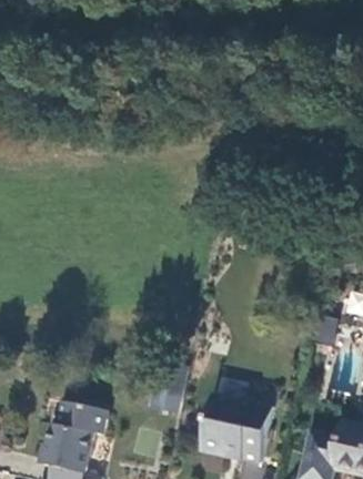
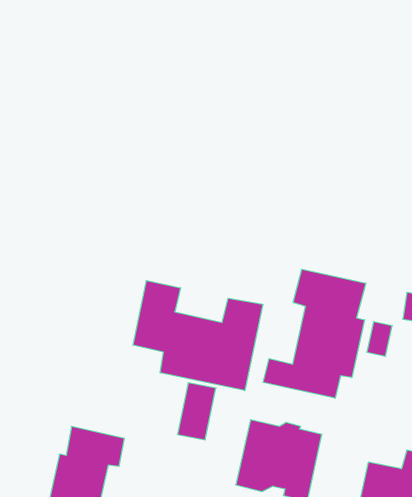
building: none -> [263,269,366,398]
building: none -> [133,280,263,391]

